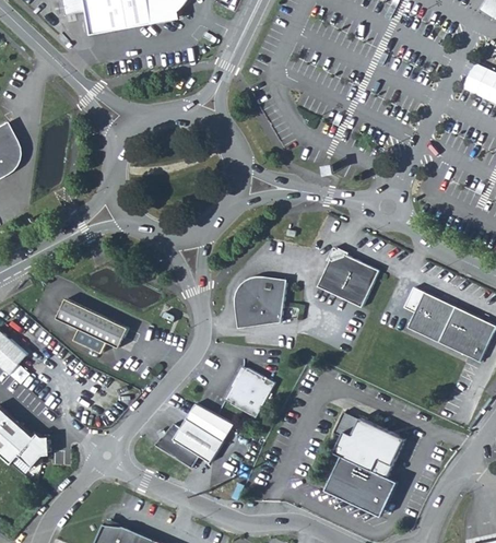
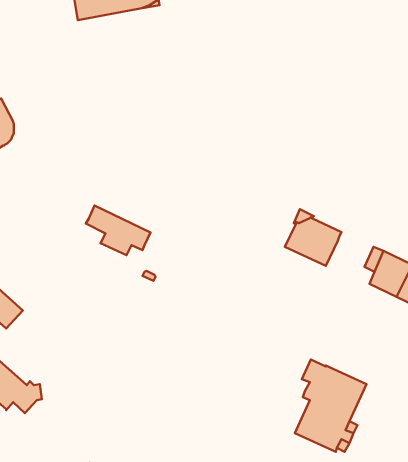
building: [234,274,283,322] -> none
building: [55,298,126,353] -> [86,206,150,255]
building: [225,366,274,416] -> none
building: [154,405,232,468] -> none

